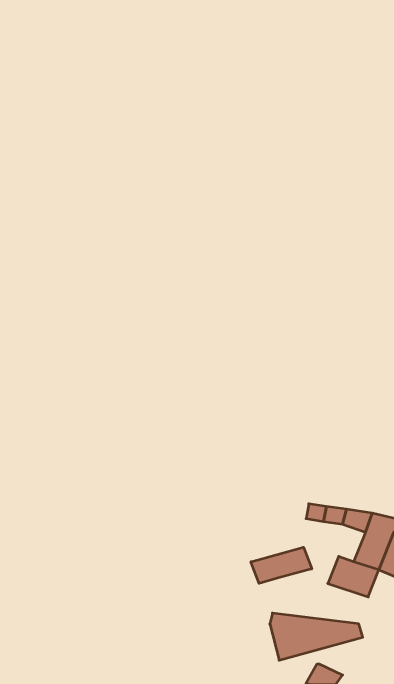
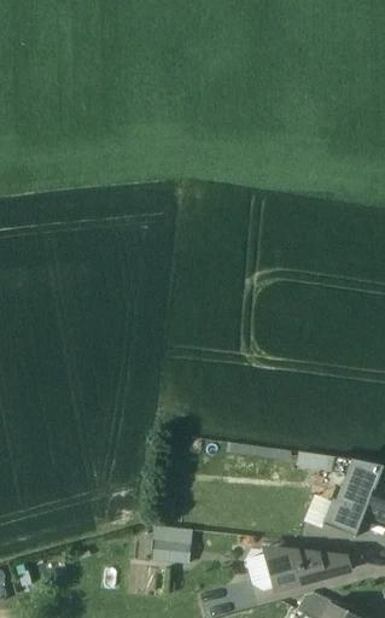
building: [251,547,312,583] -> none
building: none -> [156,524,194,559]

